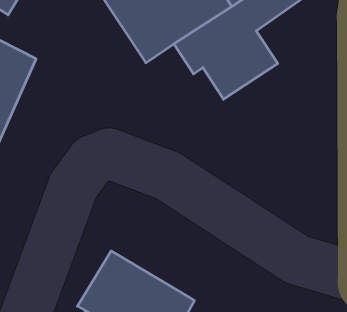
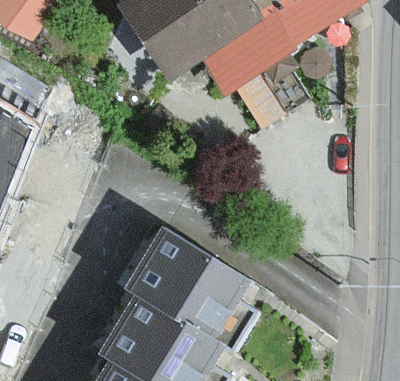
building: none -> [124,227,256,348]

